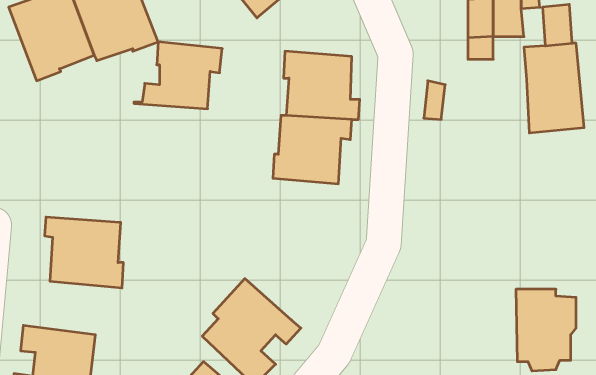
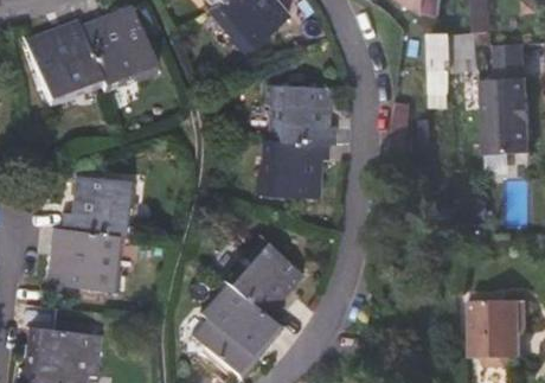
building: [134,42,222,109] -> [53,175,132,235]
building: none -> [223,236,301,321]

